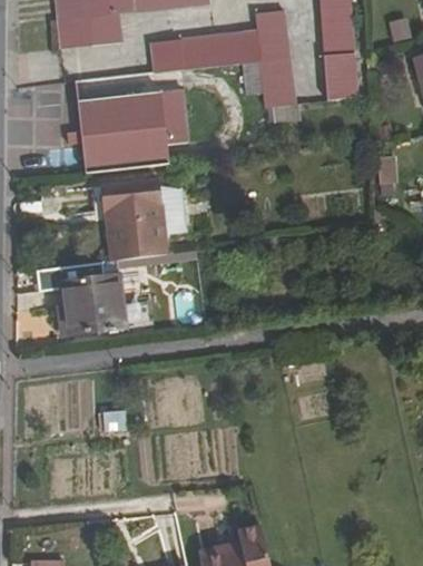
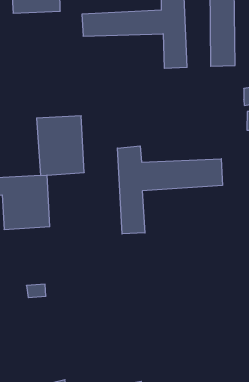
building: [76,87,189,173] -> none
building: none -> [117,146,222,234]

